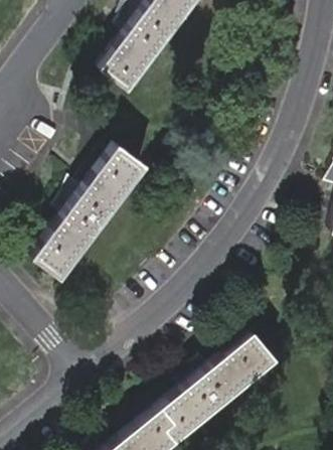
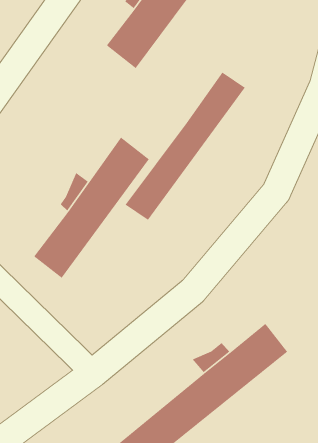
building: none -> [125,72,246,221]

